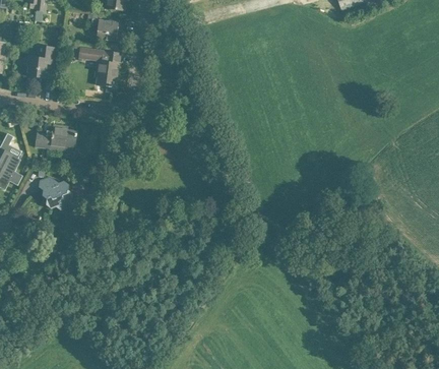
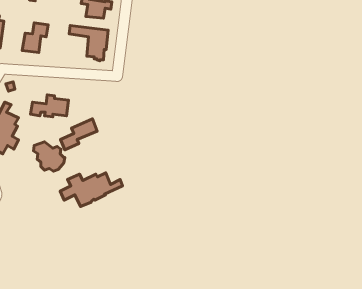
building: none -> [61,119,97,150]
building: none -> [60,173,123,207]

